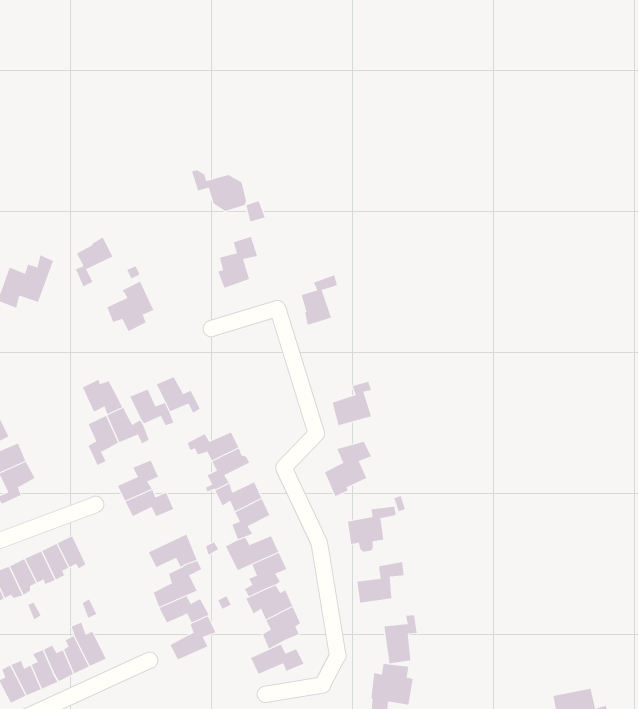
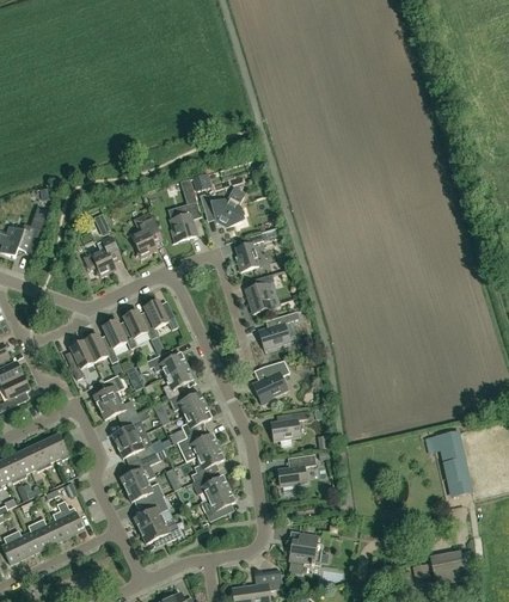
building: [191,170,247,211] -> [198,194,241,226]
building: [75,237,113,287] -> none
building: none -> [130,211,161,256]
building: none -> [244,272,274,312]
building: none -> [143,299,178,328]
building: [82,379,123,415] -> none
building: none -> [110,410,148,446]
building: none -> [423,430,471,494]
building: [384,614,417,664] -> none
building: [250,644,304,675] -> [139,518,180,542]

